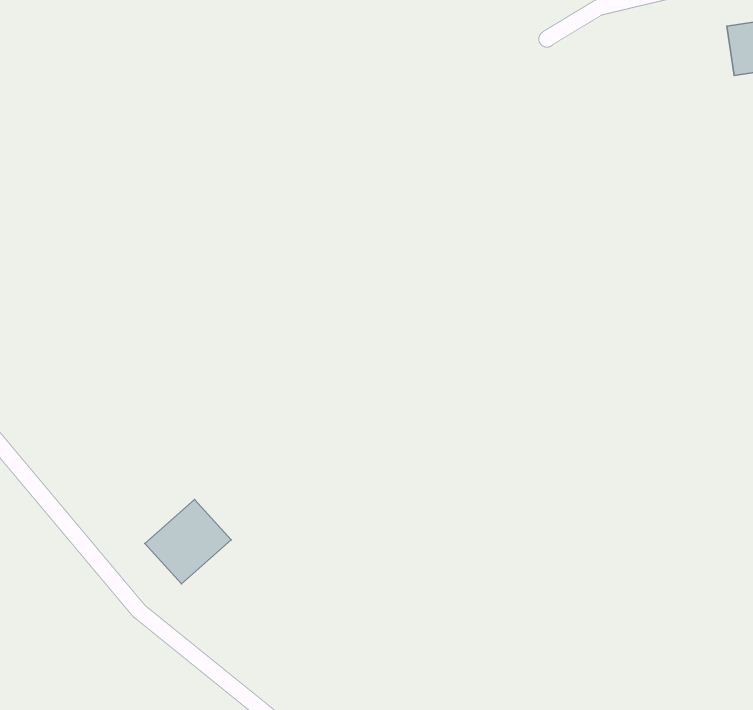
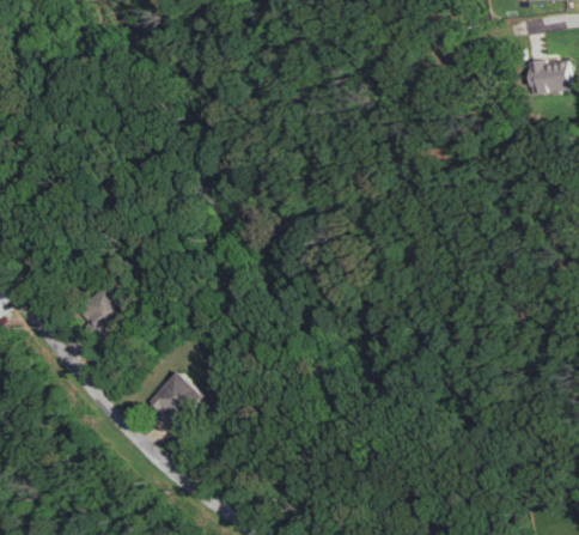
building: none -> [79,285,128,334]

